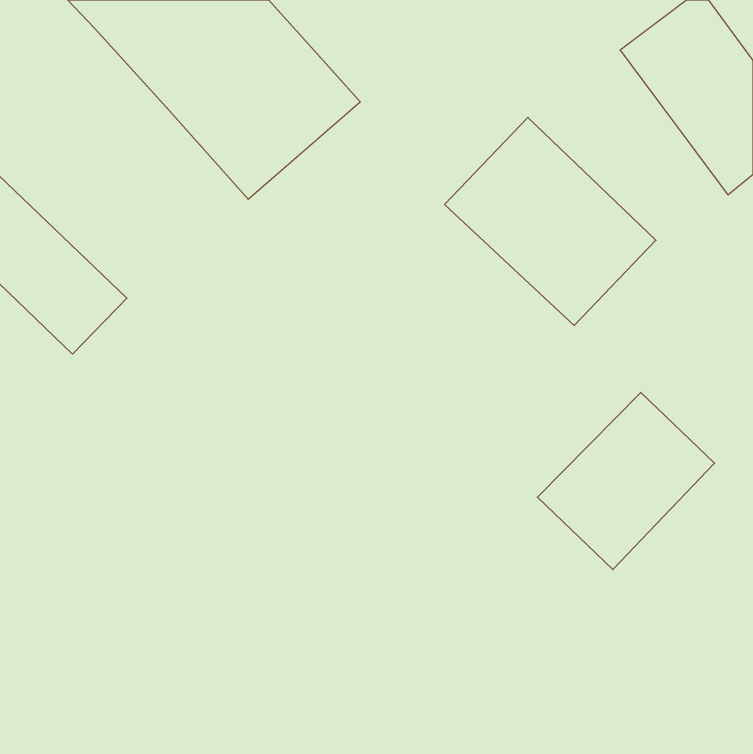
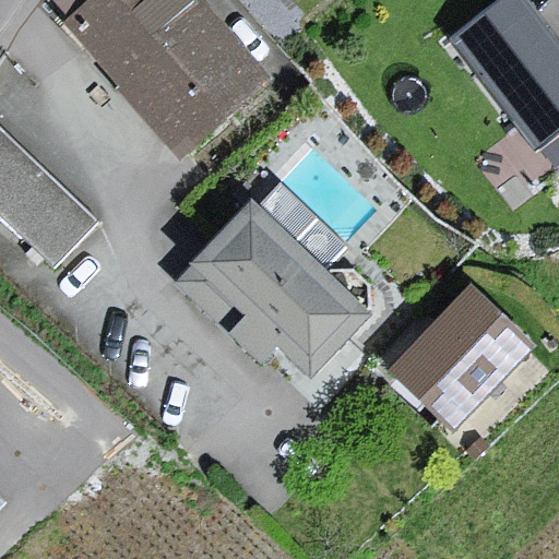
building: [445,117,656,326] -> none
building: none -> [181,205,367,372]

